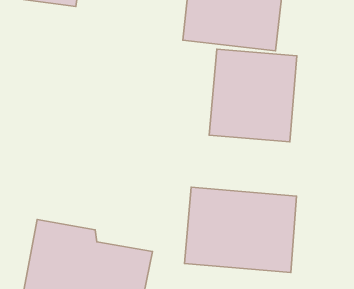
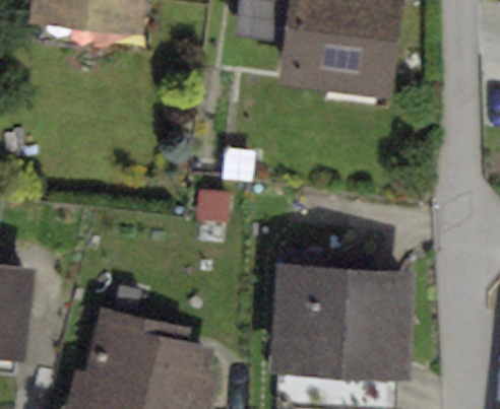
building: [209,49,297,142] -> none

